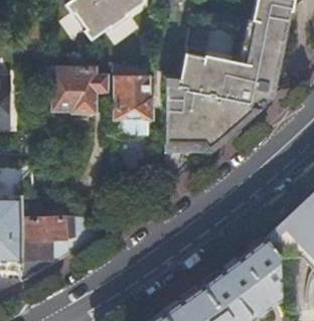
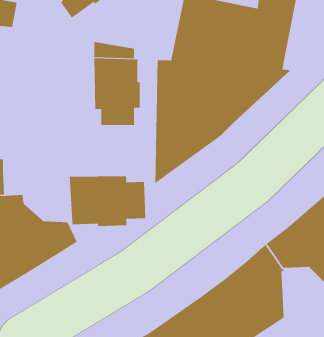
building: [50,64,107,113] -> none
building: none -> [69,175,146,227]

